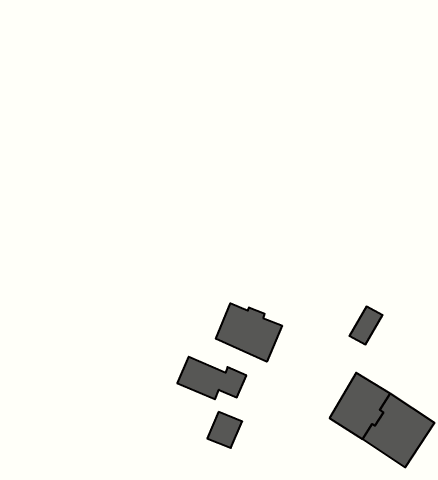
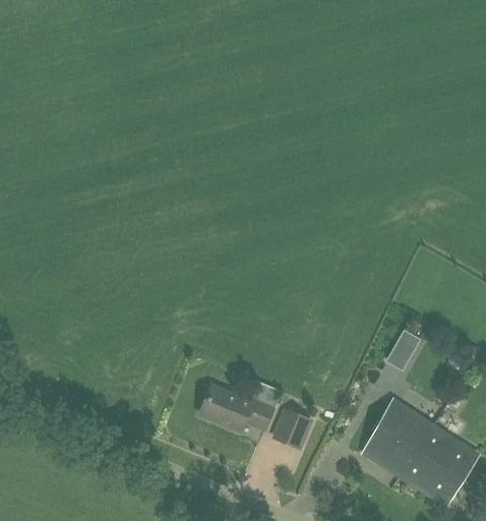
building: [216,303,282,362] -> none
building: [207,412,242,448] -> [274,408,311,447]

